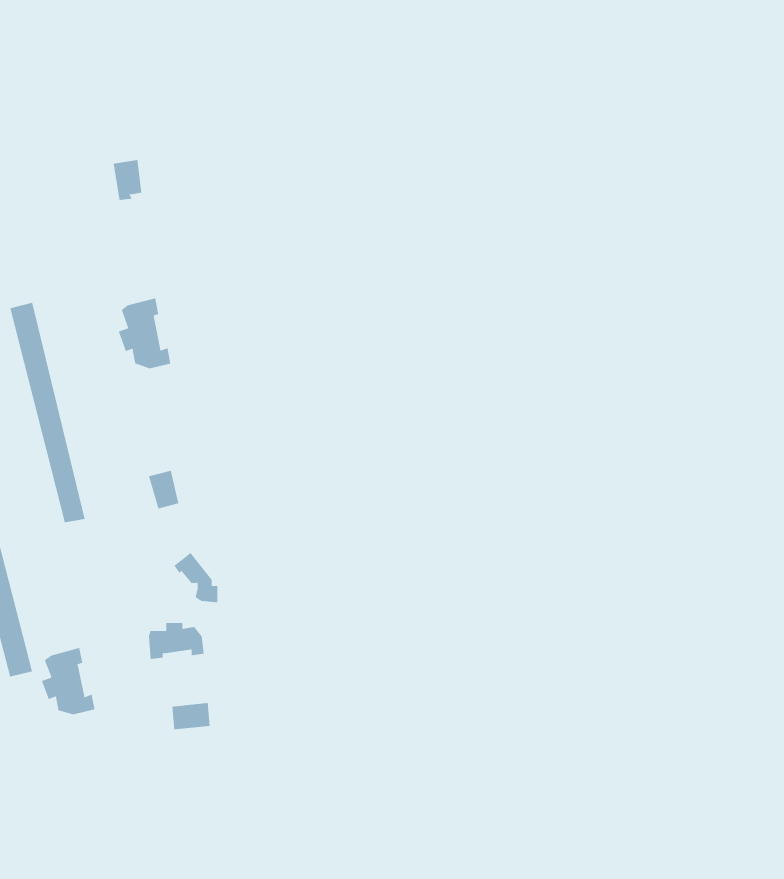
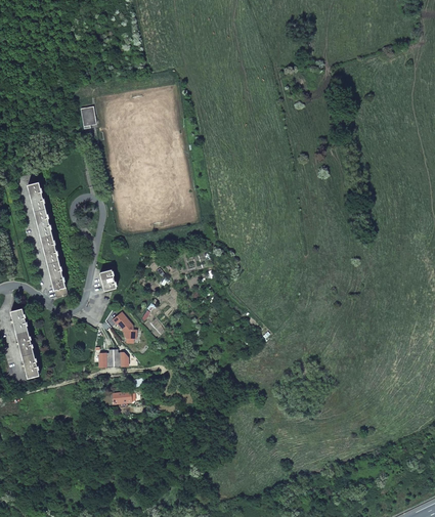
building: [118,298,171,369] -> none
building: [41,647,95,715] -> none

